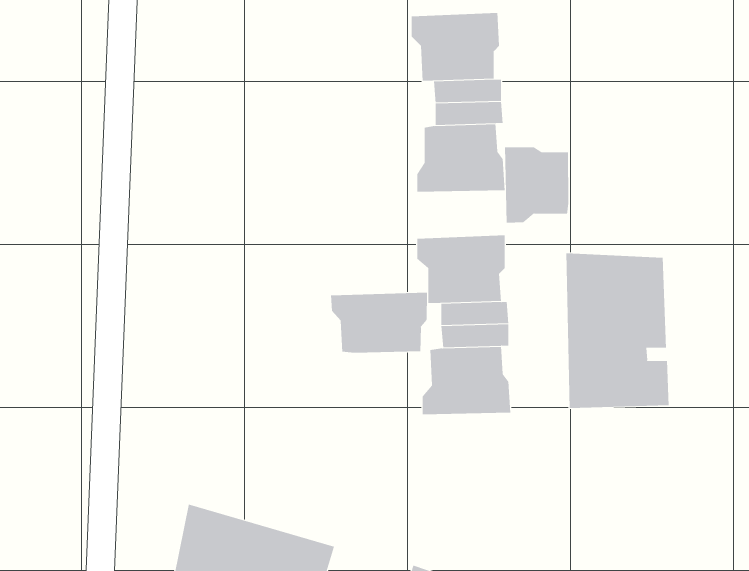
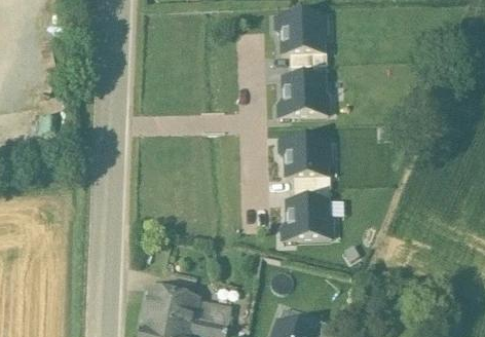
building: [505,146,569,223] -> none
building: [566,253,669,409] -> none
building: [331,292,428,353] -> none

